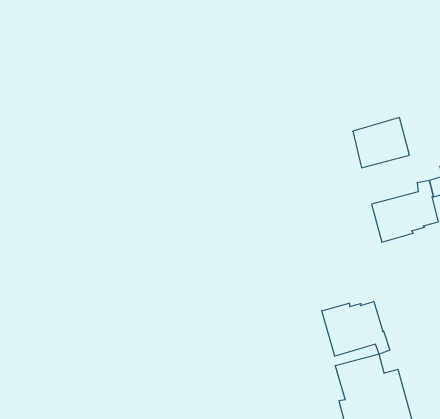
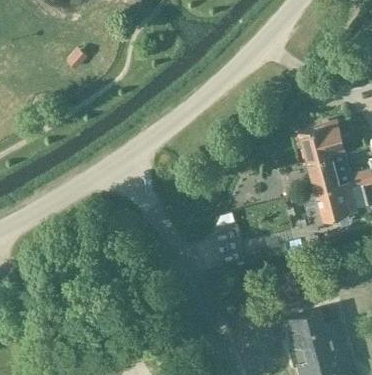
building: none -> [307,153,352,192]
building: [322,301,390,356] -> none

